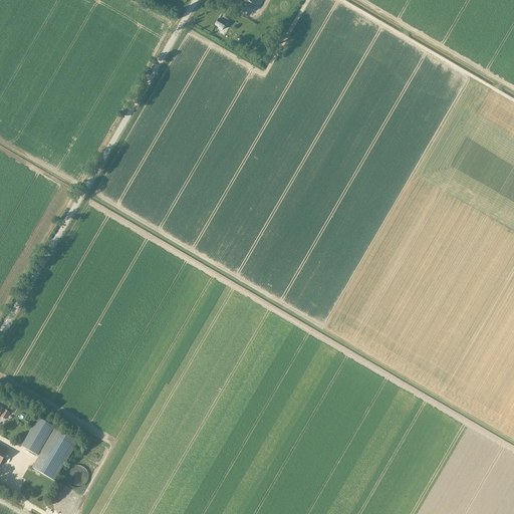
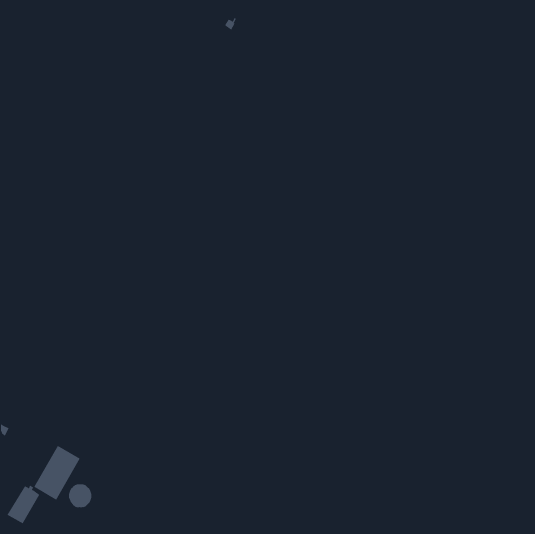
building: [21,416,53,454] -> [7,484,40,524]

